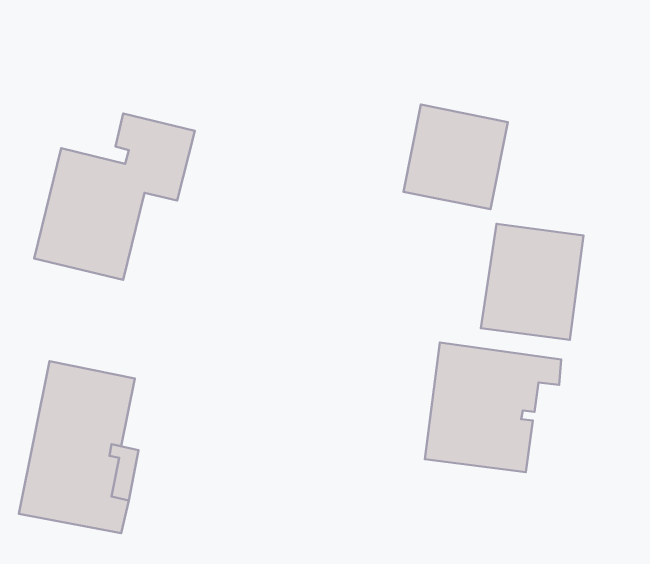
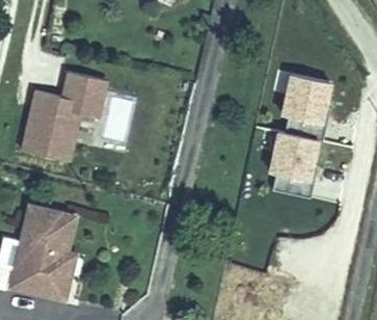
building: [403,105,508,209] -> [273,72,329,128]
building: [425,343,561,472] -> none

